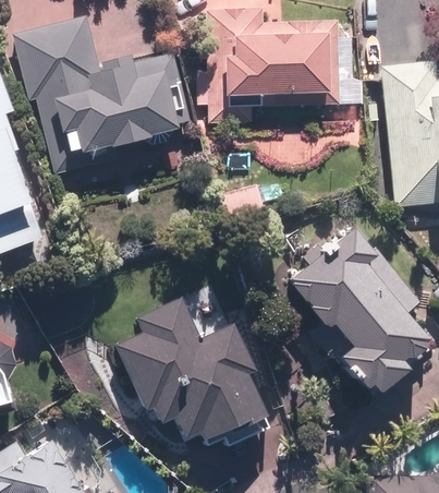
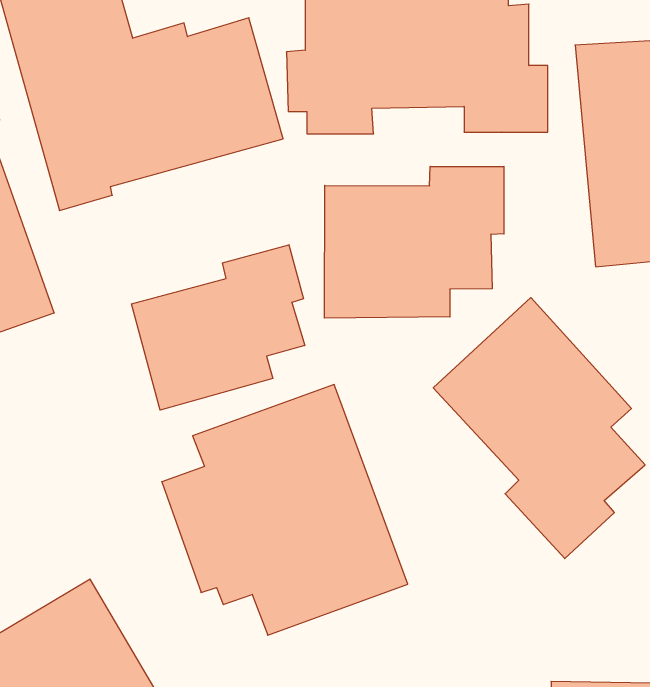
building: none -> [325,166,504,318]
building: none -> [131,245,305,410]

